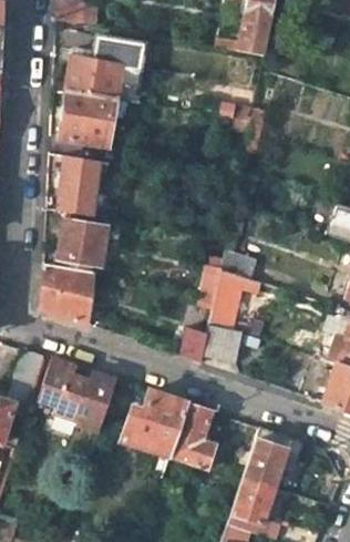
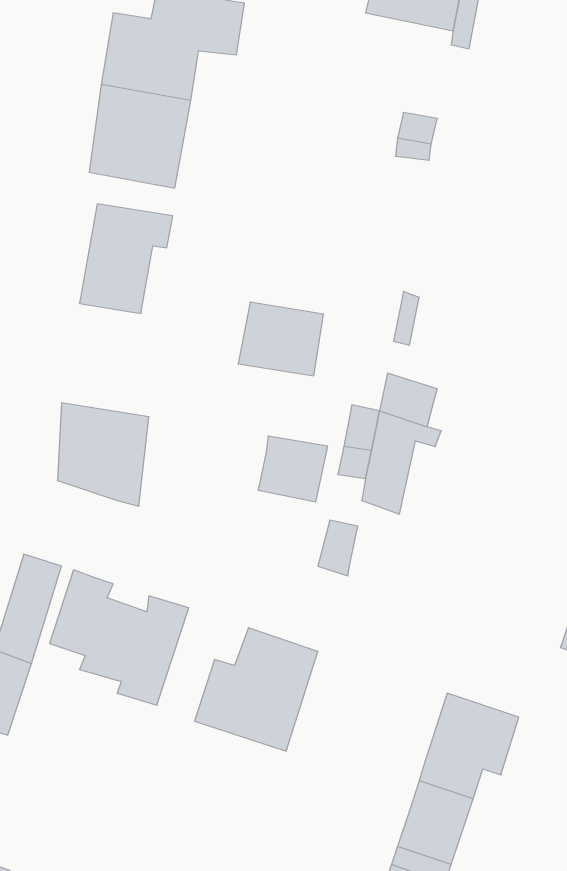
building: [59,221,106,262] -> [238,302,324,376]
building: [205,326,244,362] -> [258,436,328,502]
building: [169,405,215,472] -> none

